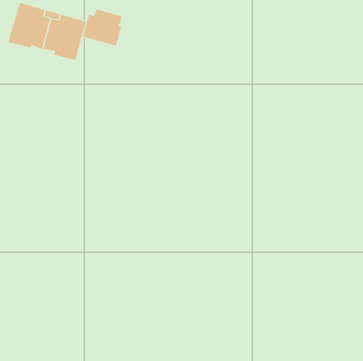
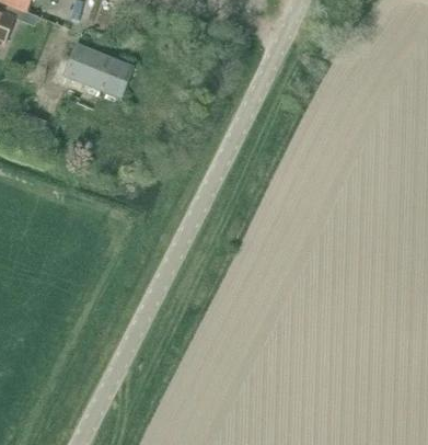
building: [83,9,123,46] -> none

